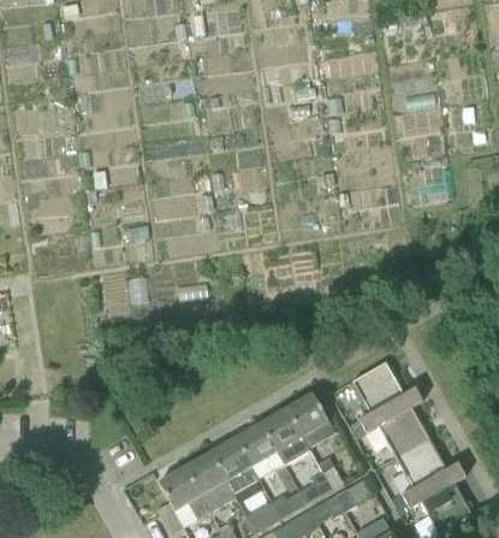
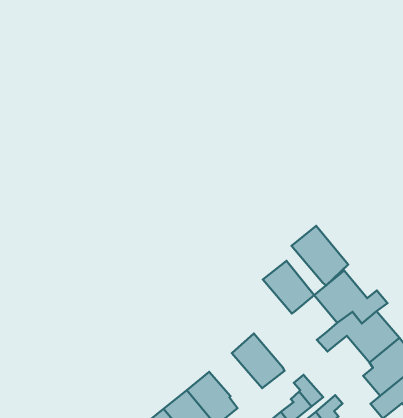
building: none -> [292,226,348,285]
building: [286,394,334,447] -> [263,261,314,314]
building: [236,424,278,466] -> none

